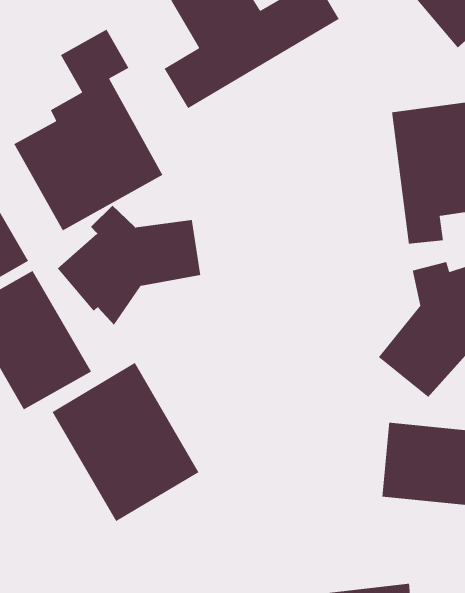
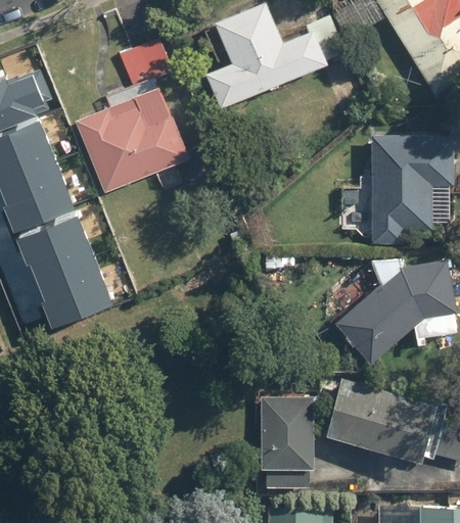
building: [57,205,201,326] -> none
building: [52,362,199,522] -> none
building: none -> [262,396,318,490]

